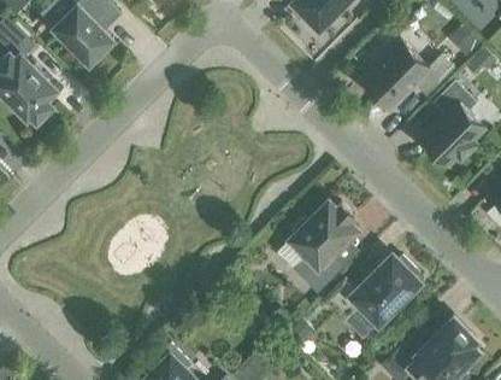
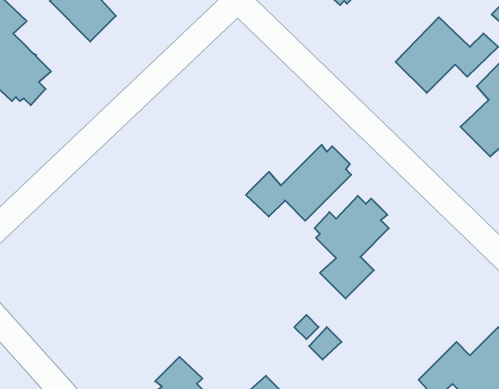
building: [325,256,419,323] -> [246,145,351,221]

